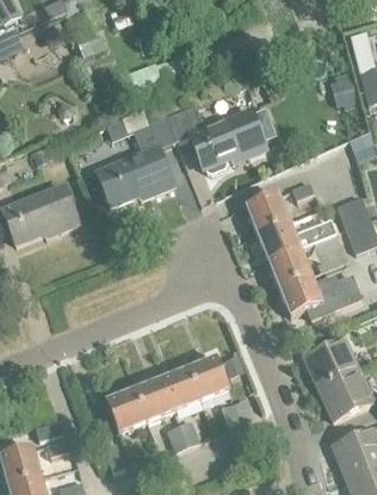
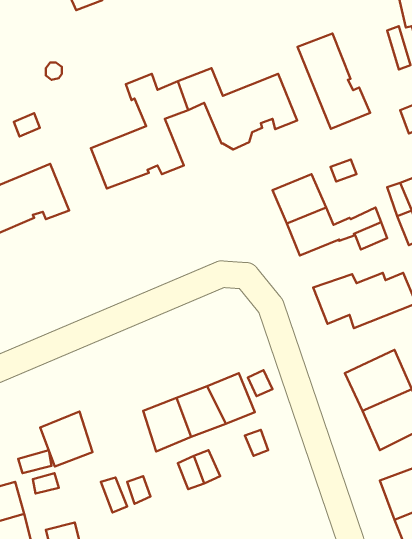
building: none -> [298,33,370,129]
building: [267,247,310,286] -> none
building: [106,388,149,433] -> [40,411,93,467]

